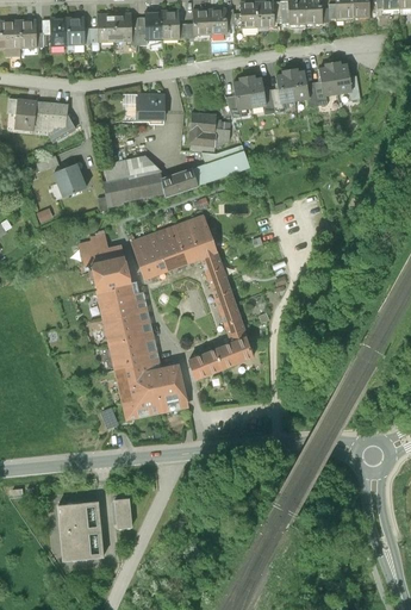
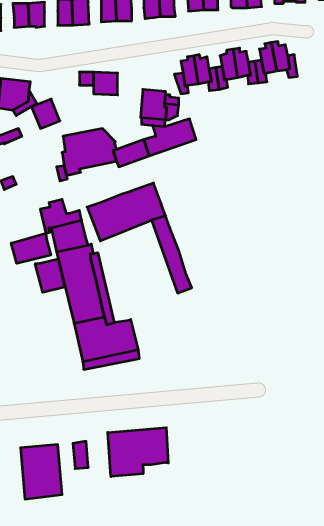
building: [54,164,85,197] -> [32,99,60,128]
building: none -> [11,233,51,263]
building: none -> [35,259,64,292]
building: [188,330,253,379] -> none
building: none -> [108,428,168,477]

